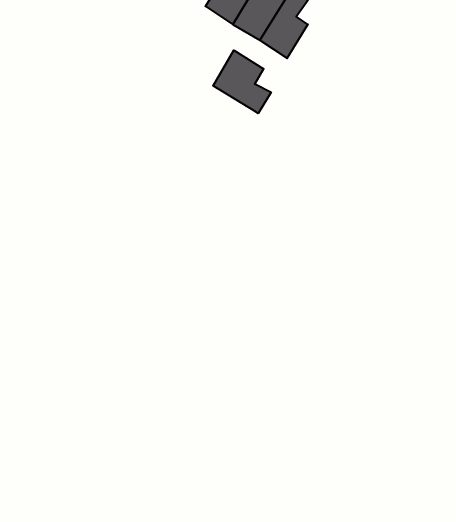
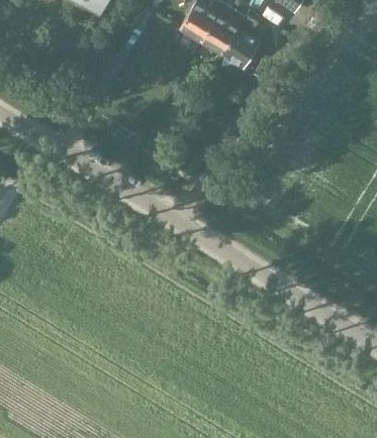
building: [213,50,271,113] -> none

